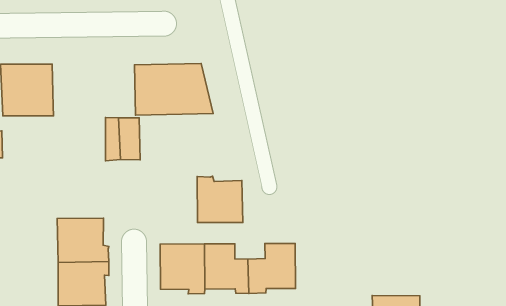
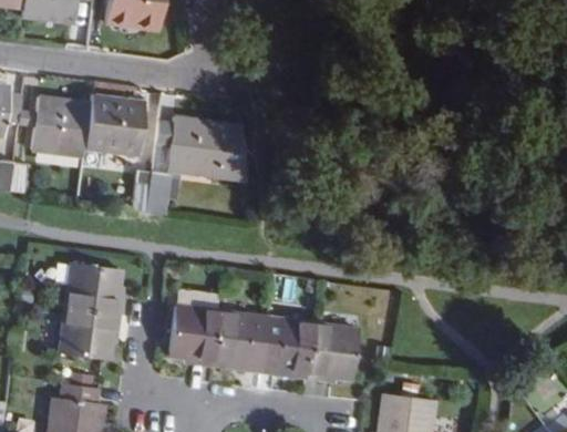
building: none -> [85,94,144,154]
building: [197,176,243,223] -> none
building: none -> [306,326,357,380]

